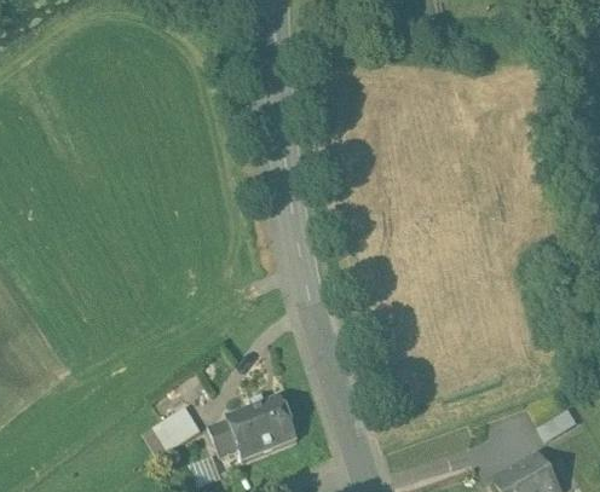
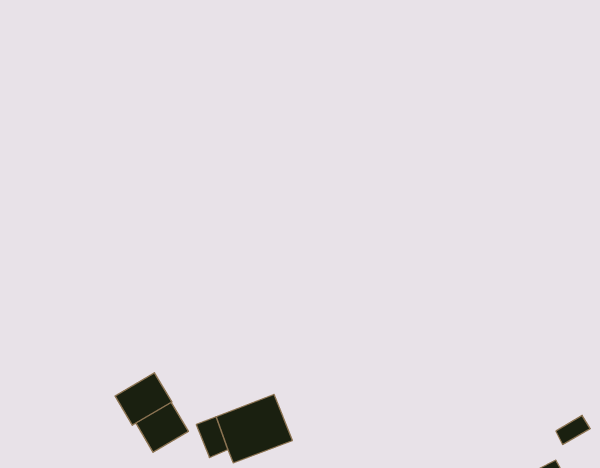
building: none -> [115,373,172,425]

